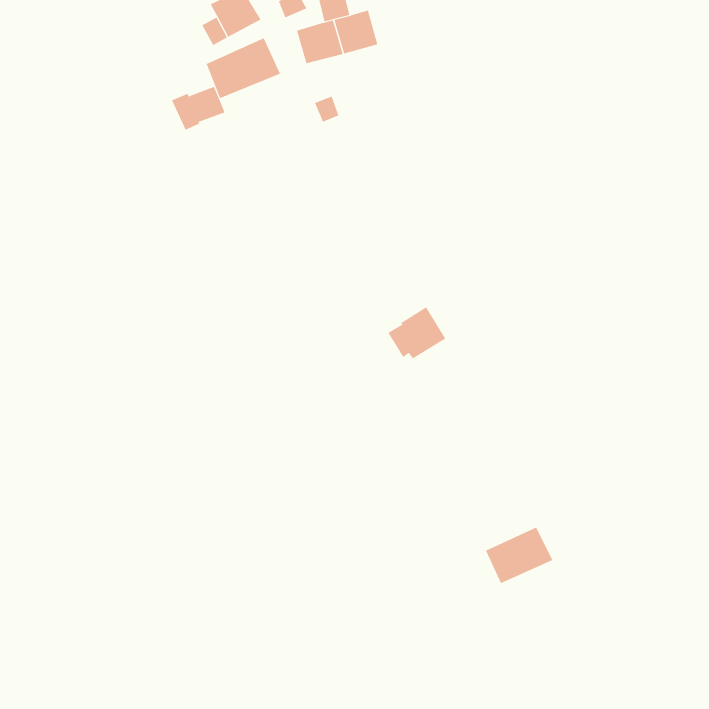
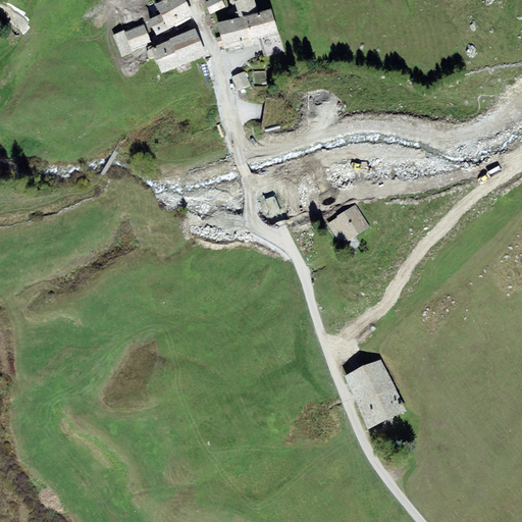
building: [171,86,225,131] -> [111,23,151,56]
building: [388,306,446,359] -> [326,203,369,242]
building: none -> [344,358,394,404]

